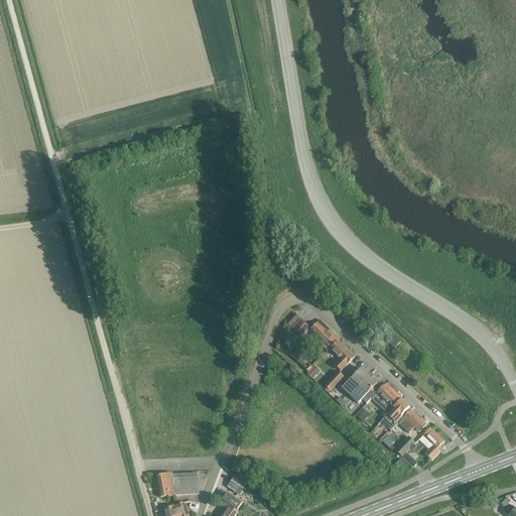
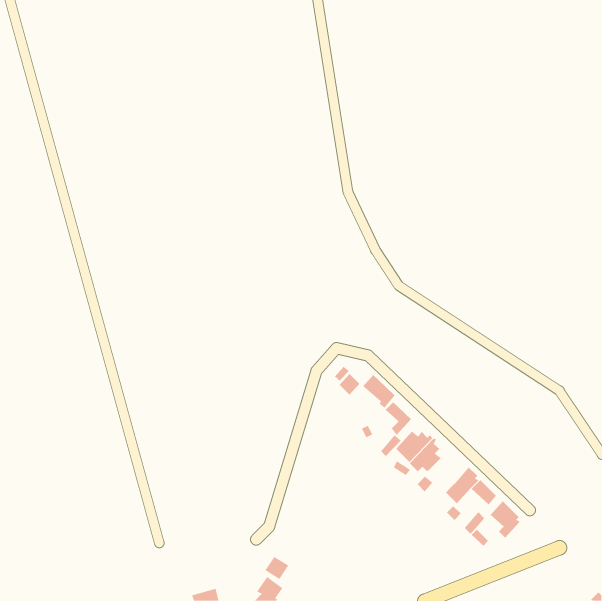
building: [372,382,401,412] -> none
building: [155,473,198,496] -> none

